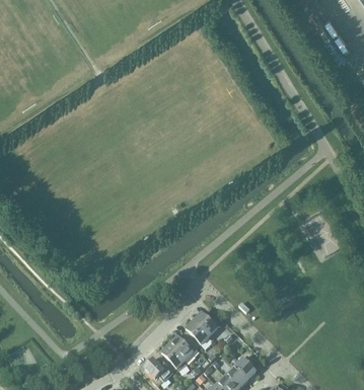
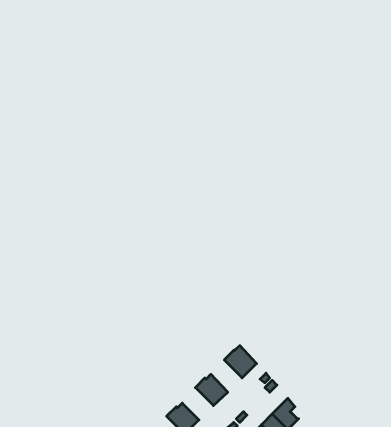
building: [181,321,208,348] -> none
building: [157,344,187,372] -> none

